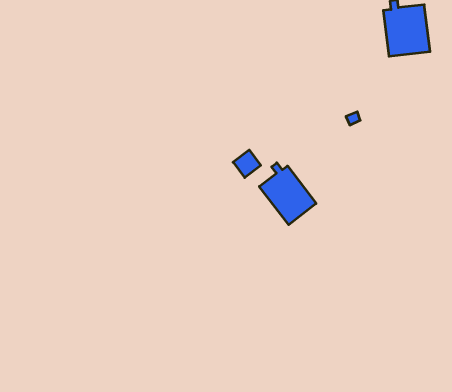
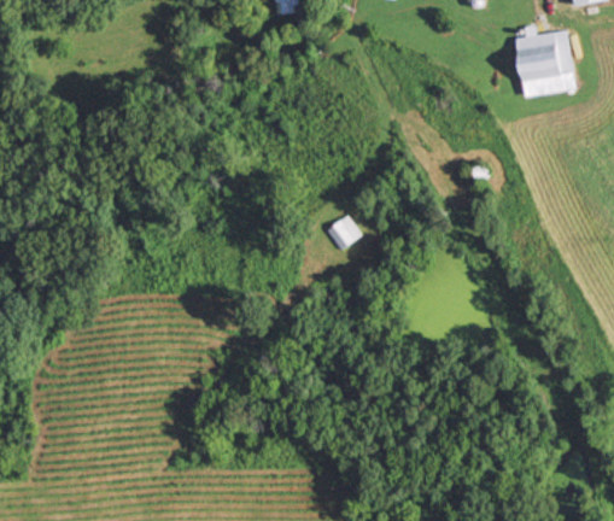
building: [259,163,316,225] -> none

